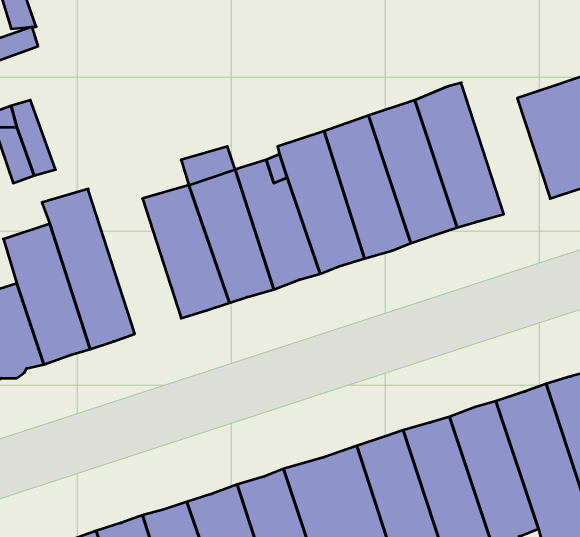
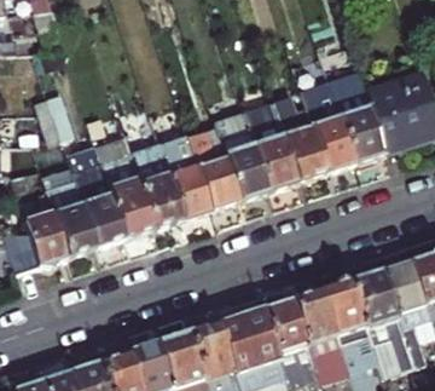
building: none -> [330,70,385,162]
building: none -> [97,138,155,237]

